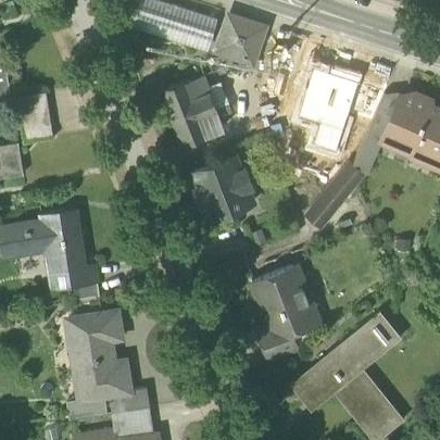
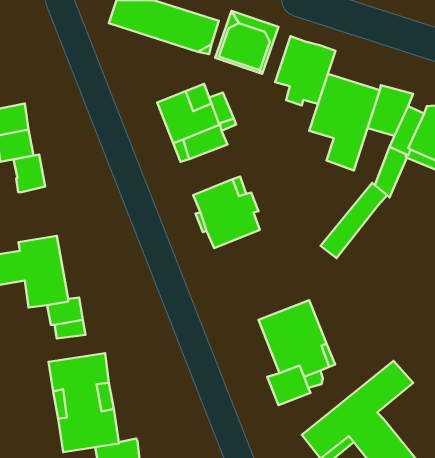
building: none -> [275,36,336,105]
building: none -> [13,154,45,192]
building: [356,311,402,369] -> none

